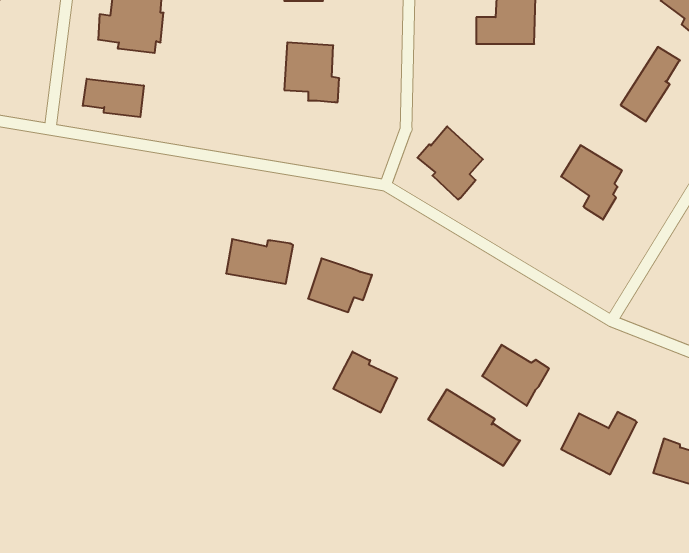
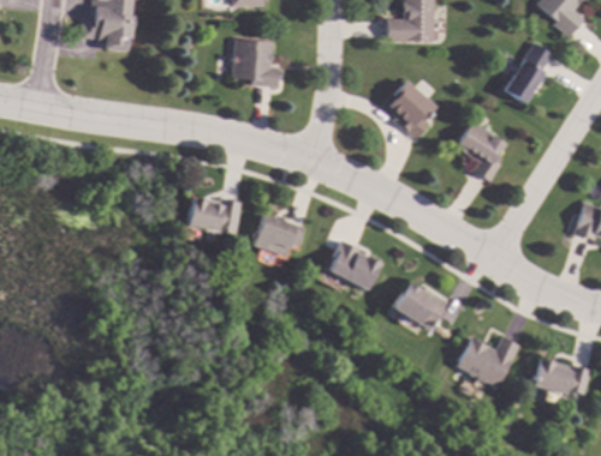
building: [83,79,144,117] -> none
building: [417,126,483,199] -> [382,79,435,138]
building: [333,351,397,412] -> [327,240,379,289]
building: [428,389,520,466] -> none

